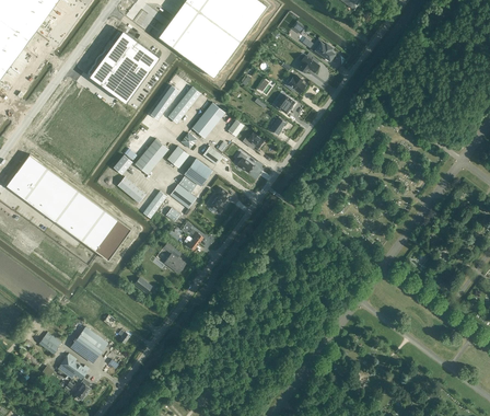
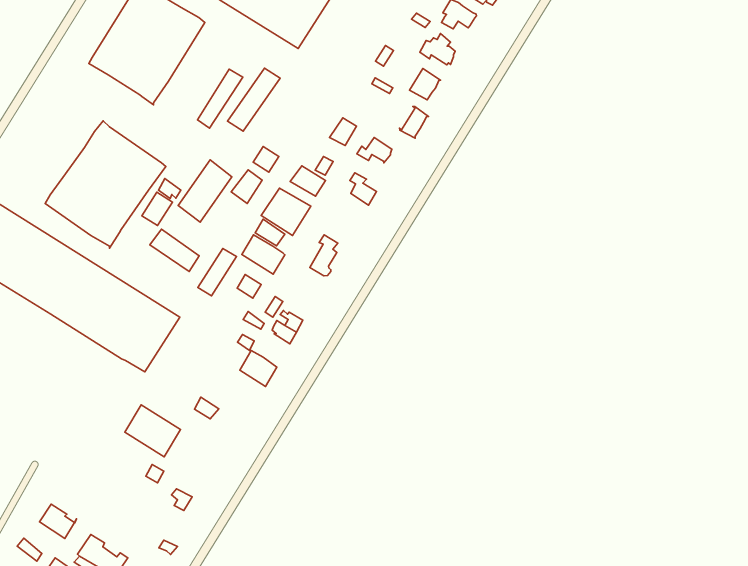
building: [192,103,225,139] -> none
building: none -> [45,121,166,248]
building: [73,330,106,361] -> [125,405,181,457]

